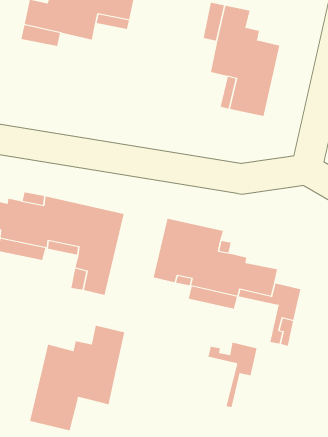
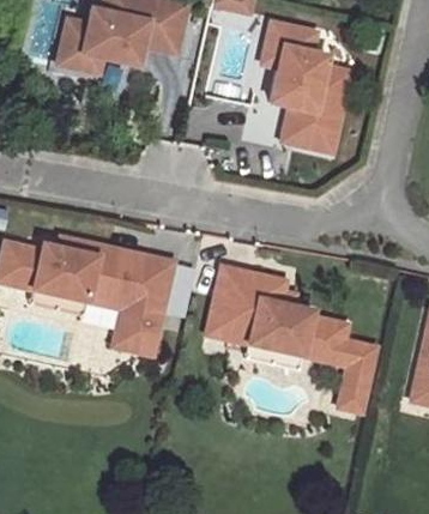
building: [30,325,125,431] -> none
building: [208,342,257,408] -> none

